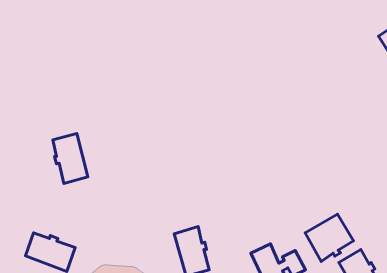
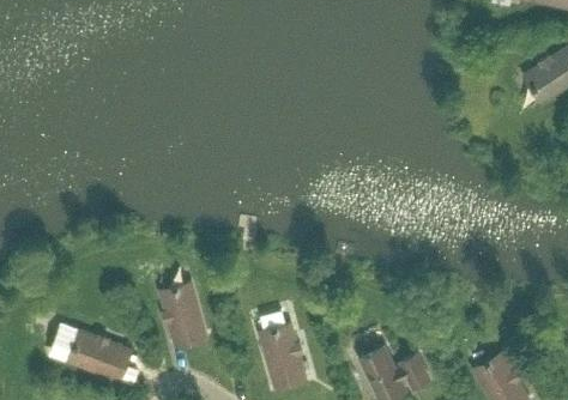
building: [53,133,88,183] -> [161,281,206,346]
building: [305,214,353,261] -> none

